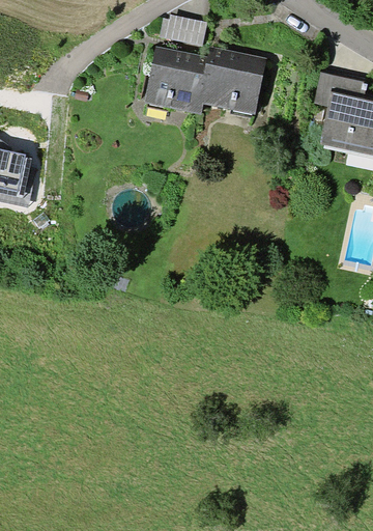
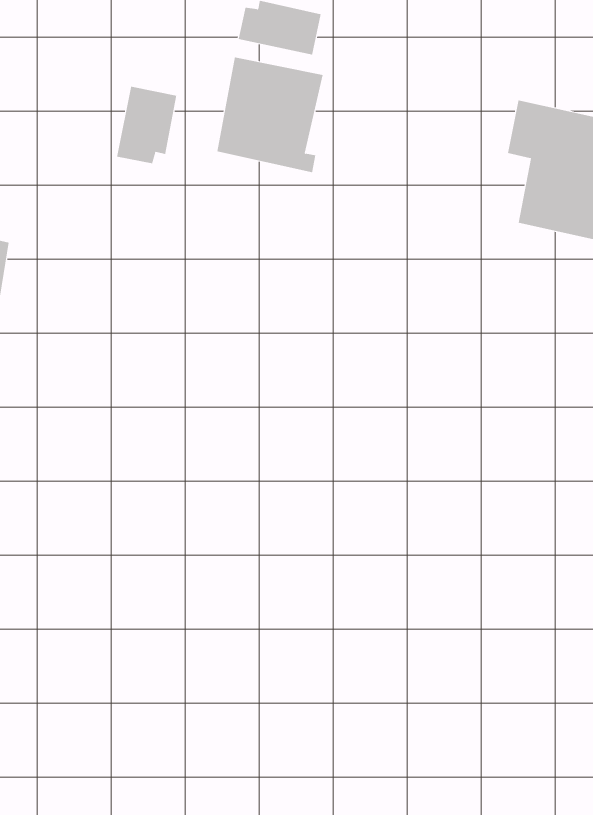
building: [197,47,266,115] -> none
building: none -> [116,86,177,164]

